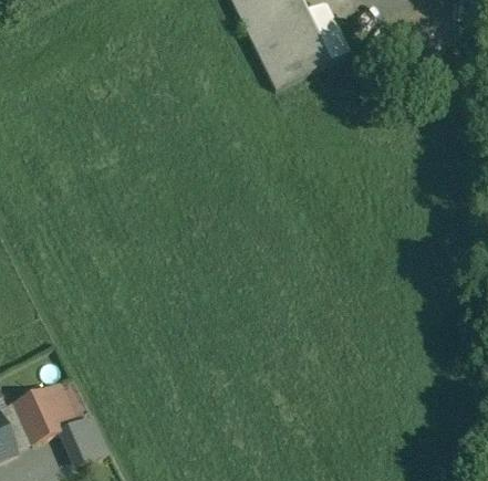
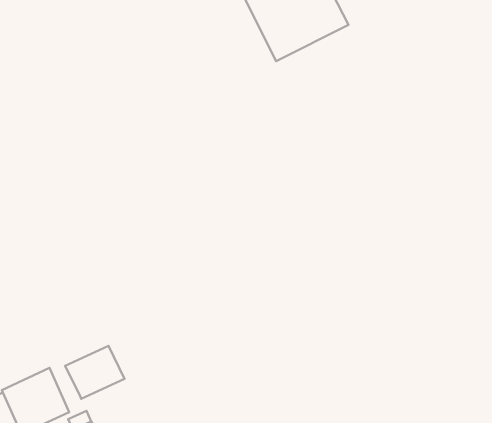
building: none -> [65,346,124,399]

